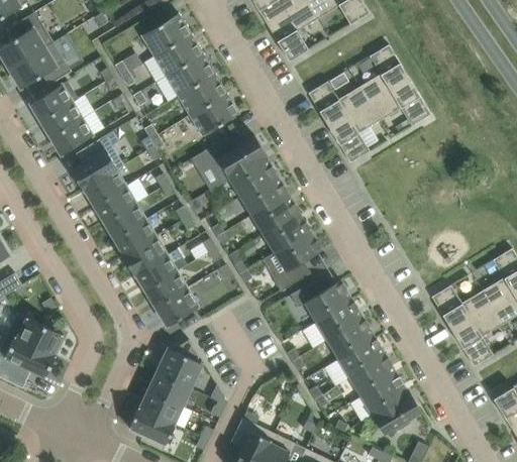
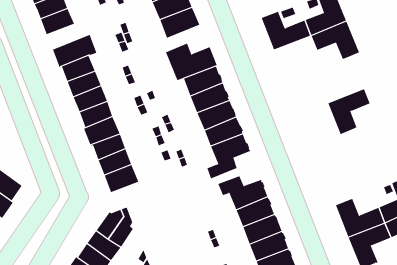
building: [329,104,380,162] -> [327,89,371,135]

